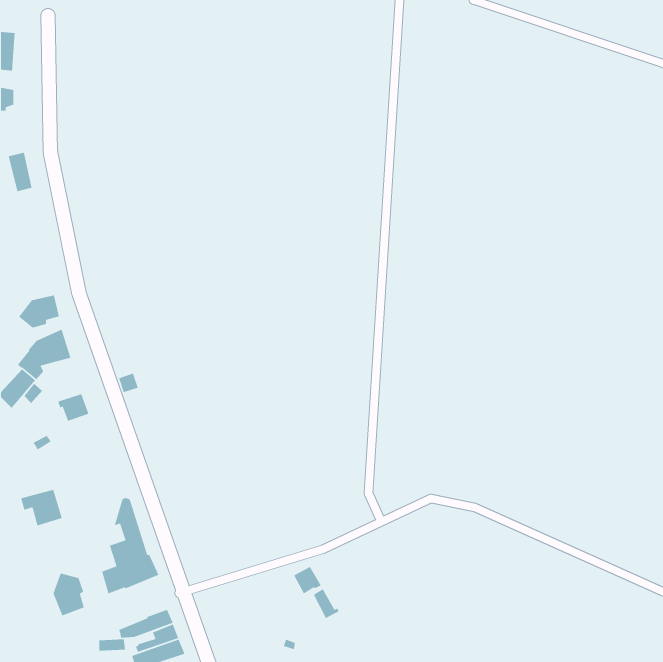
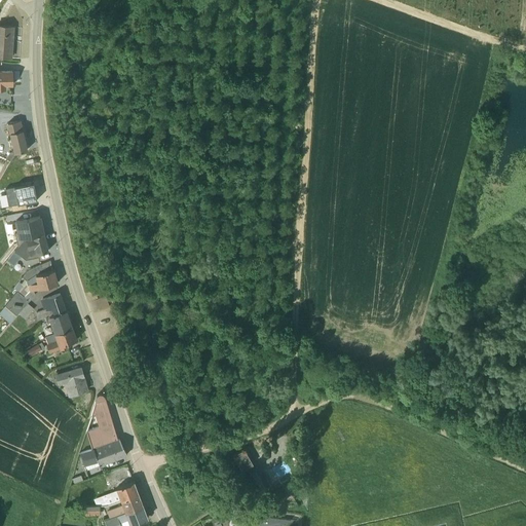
building: none -> [5,184,37,206]
building: none -> [15,217,43,248]
building: none -> [35,295,65,322]
building: none -> [45,329,75,353]
building: [20,489,63,526] -> [54,368,88,398]
building: [53,572,85,617] -> none

